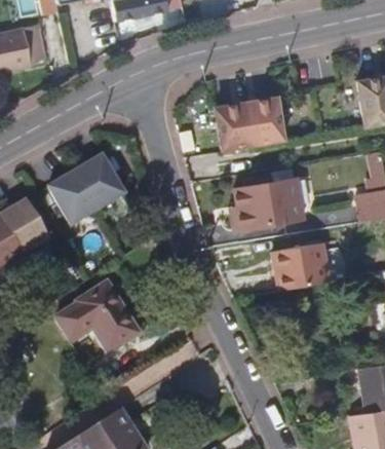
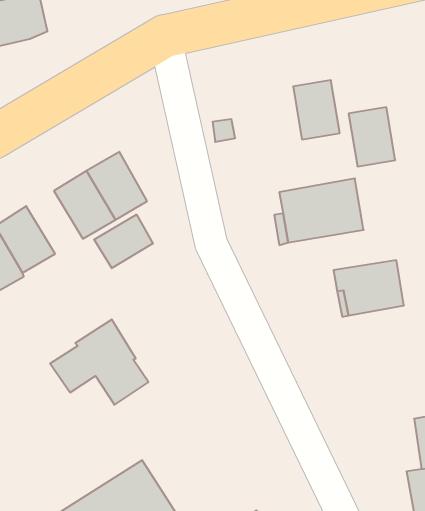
building: [216,101,254,149] -> [349,107,395,166]
building: none -> [94,215,153,268]

